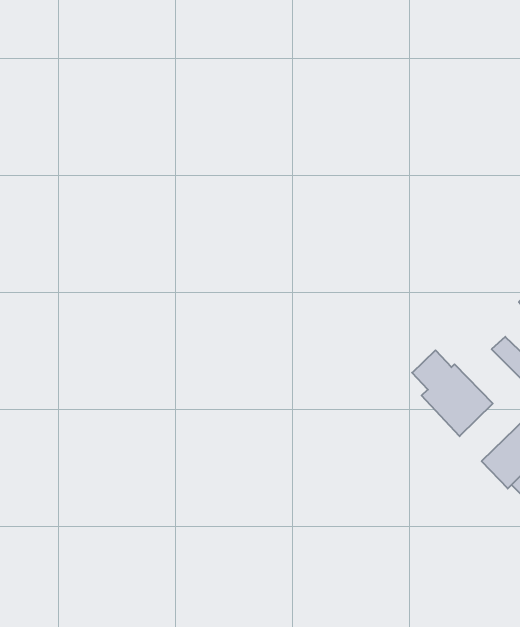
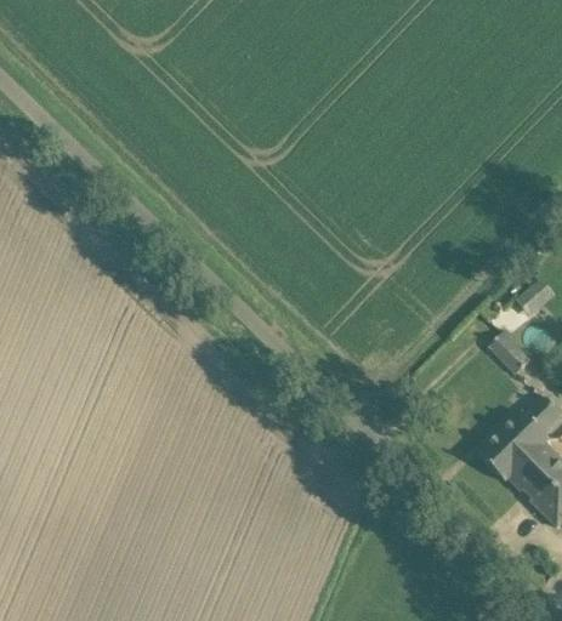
building: [412,350,493,436] -> none

